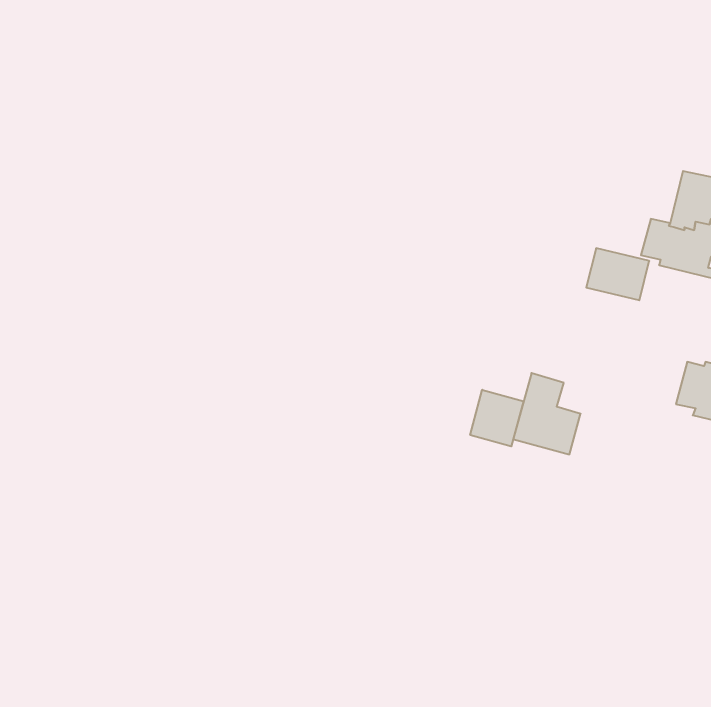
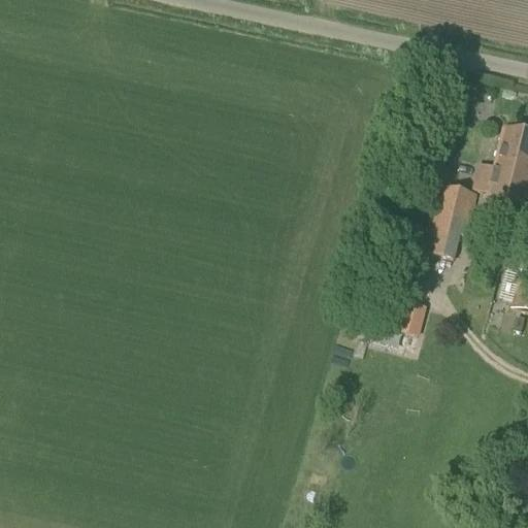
building: none -> [425,211,474,258]
building: [470,390,523,446] -> none

